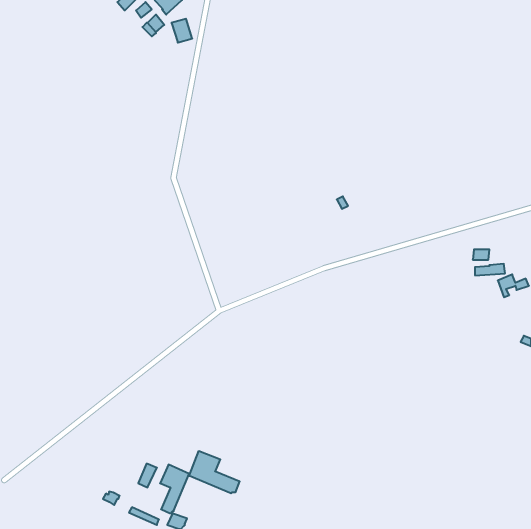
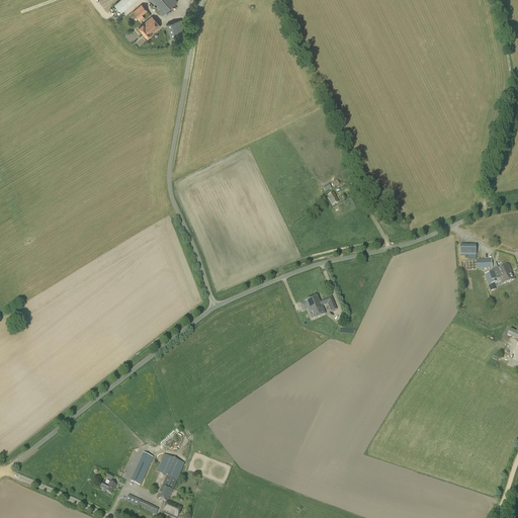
building: none -> [299,293,337,318]
building: [189,451,240,493] -> none

